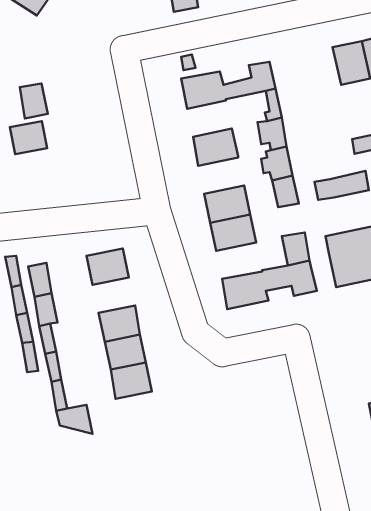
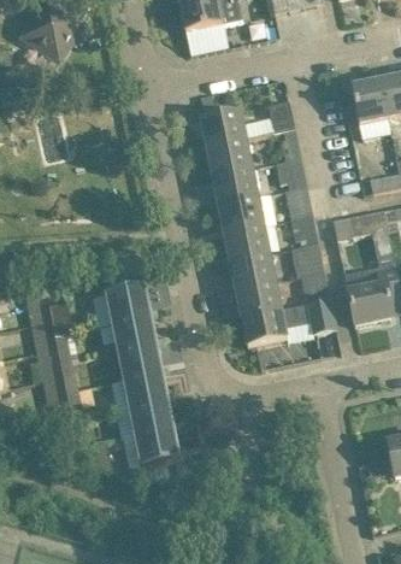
building: none -> [207,140,252,176]
building: [10,121,47,154] -> none
building: none -> [218,193,277,233]
building: none -> [291,242,324,276]
building: none -> [236,281,282,317]
building: none -> [113,316,155,351]
building: none -> [136,429,178,465]

